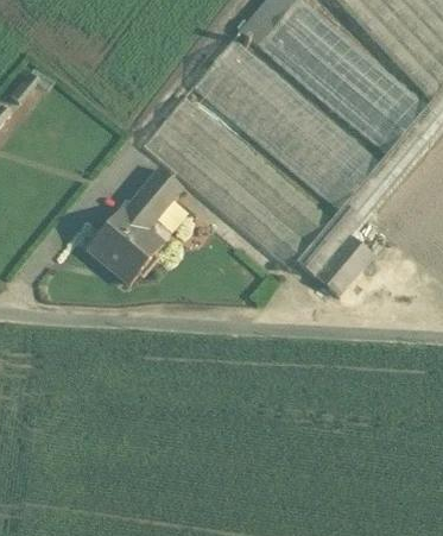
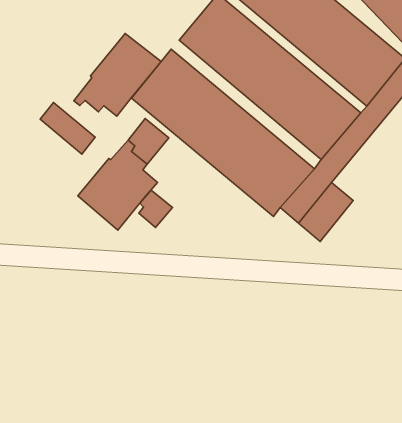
building: none -> [74,34,161,116]
building: none -> [40,102,95,154]
building: none -> [139,190,172,227]

